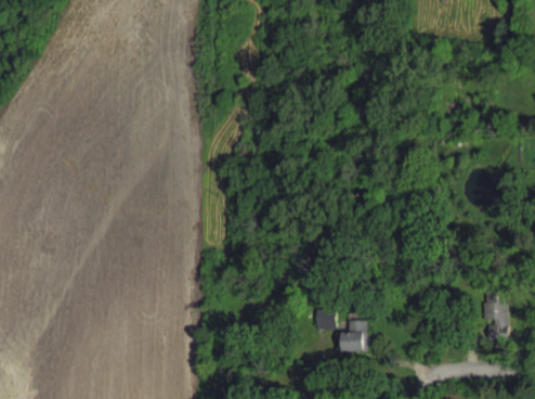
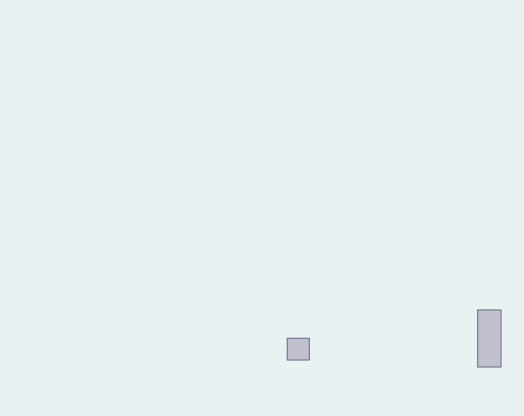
building: [337,320,368,351] -> none

